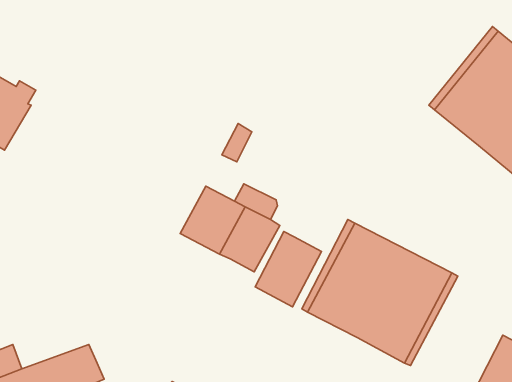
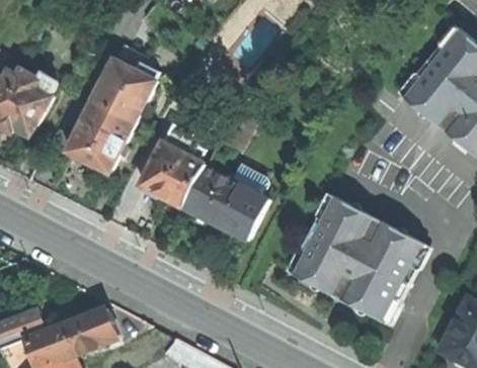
building: none -> [67,62,157,172]
building: none -> [140,135,206,208]
building: [255,232,321,307] -> none

